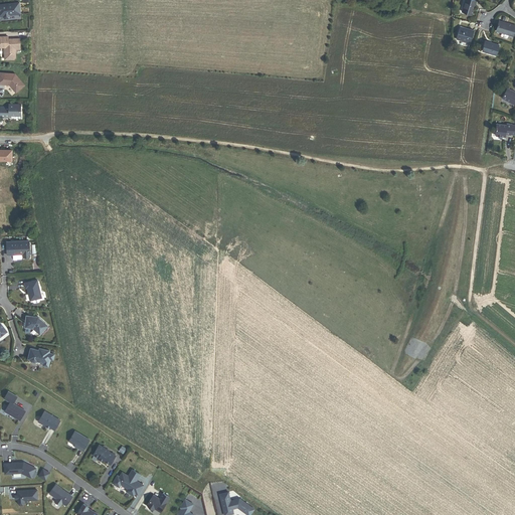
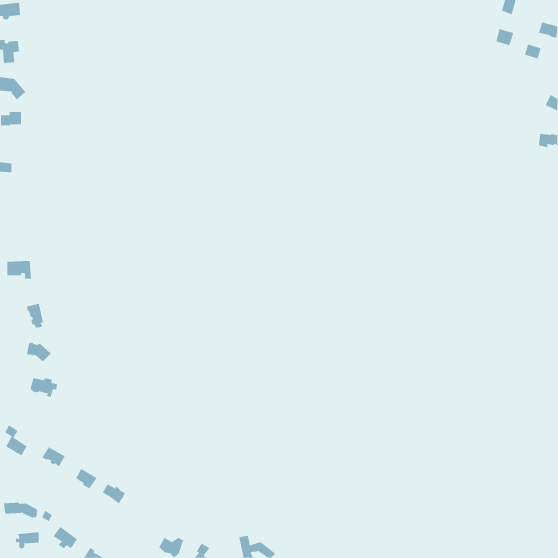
building: [113,470,143,496] -> none

